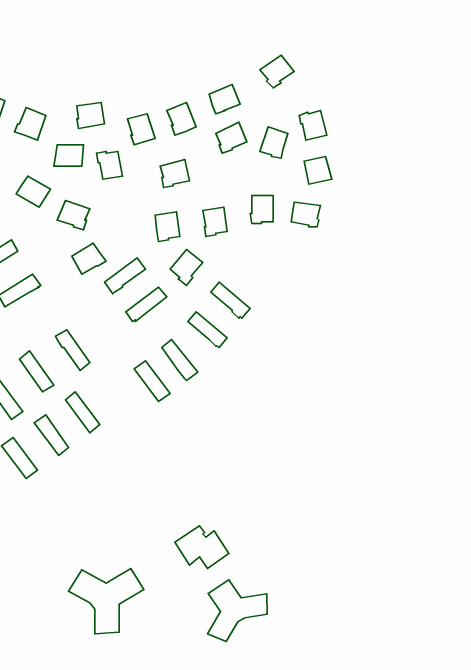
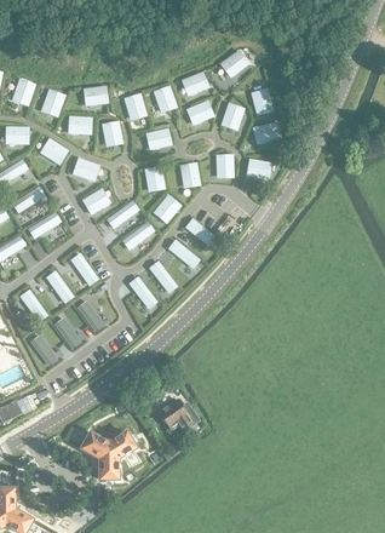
building: [207,580,267,641] -> none

